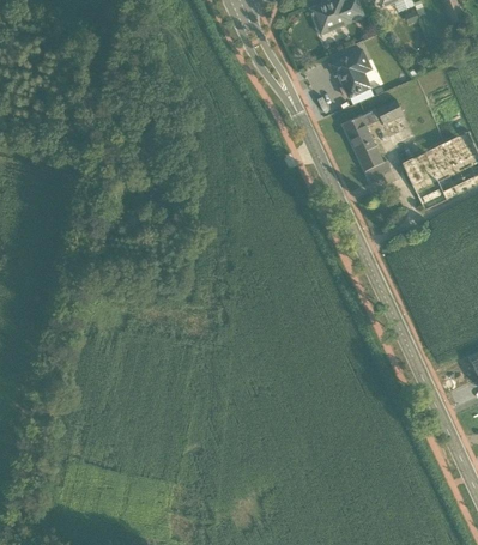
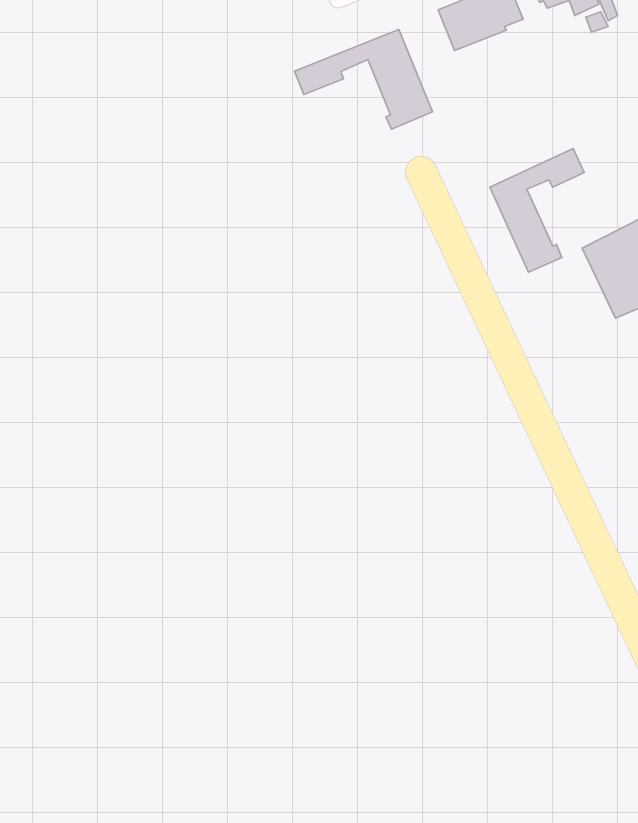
building: none -> [294,29,432,129]
building: [329,48,373,98] -> none

